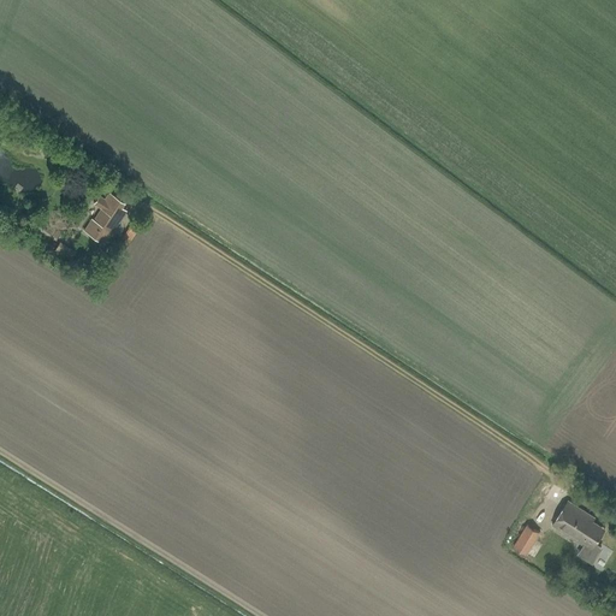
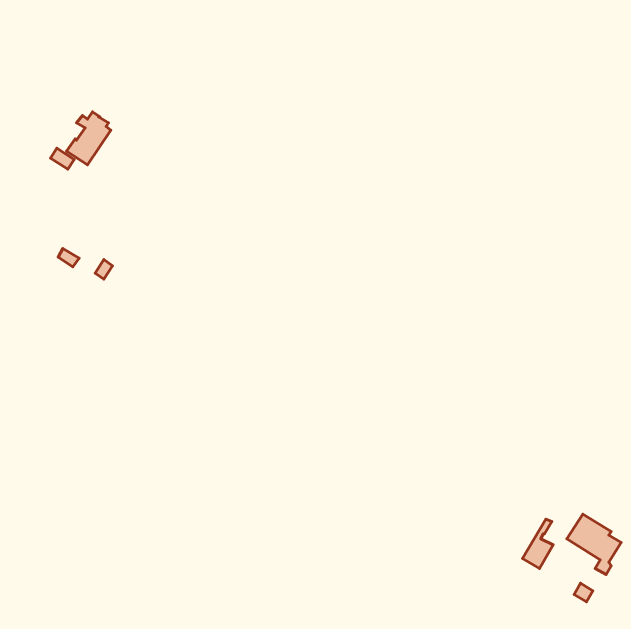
building: [84,195,128,247] -> [67,112,111,165]

